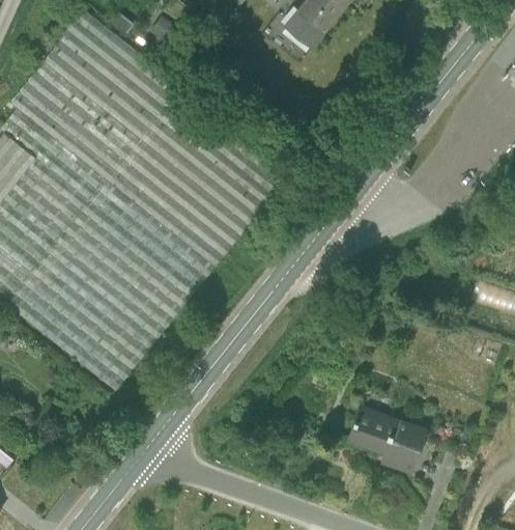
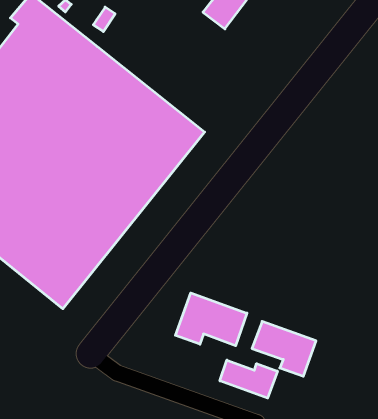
building: none -> [175,293,247,346]
building: none -> [220,360,277,398]

